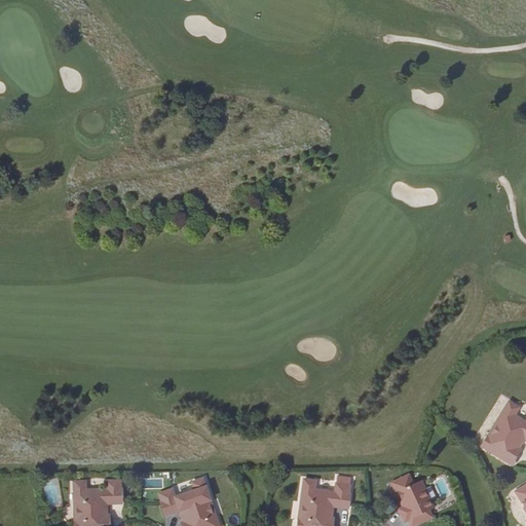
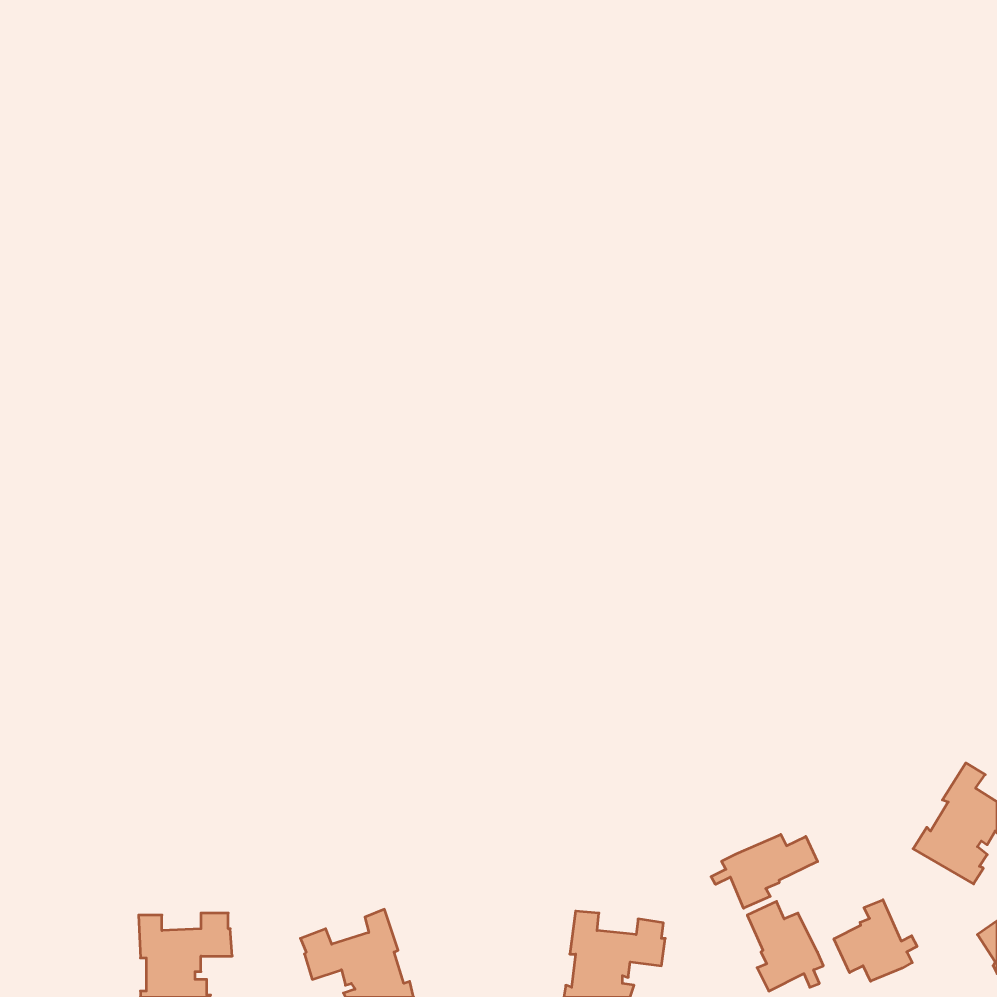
building: none -> [711,834,818,908]
building: none -> [834,900,917,981]

